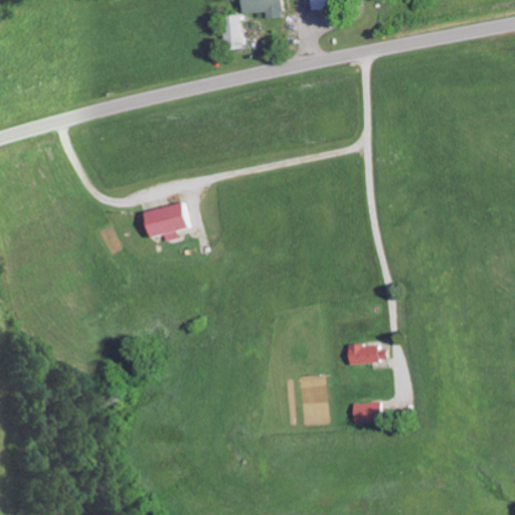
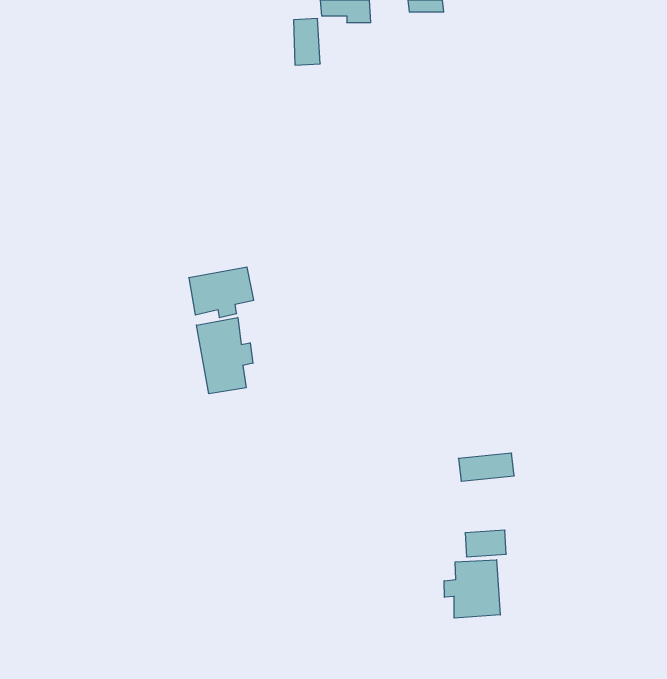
building: none -> [196,317,253,394]
building: none -> [444,560,500,618]

